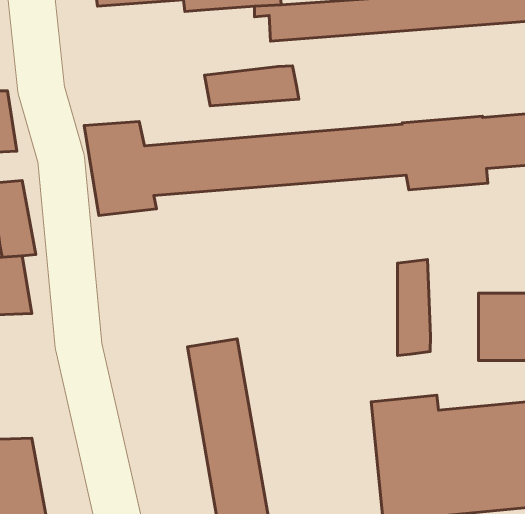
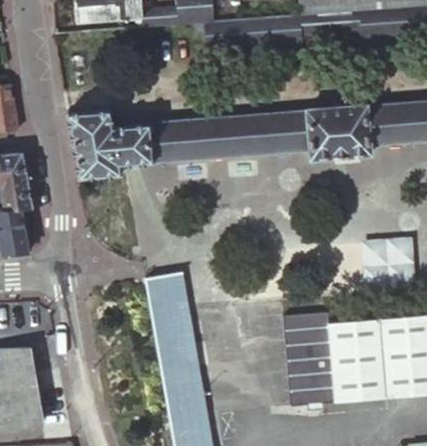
building: [204,66,299,106] -> none
building: [397,260,431,356] -> none

